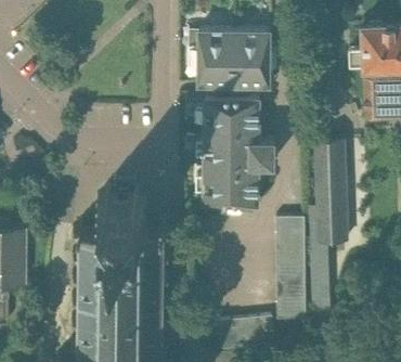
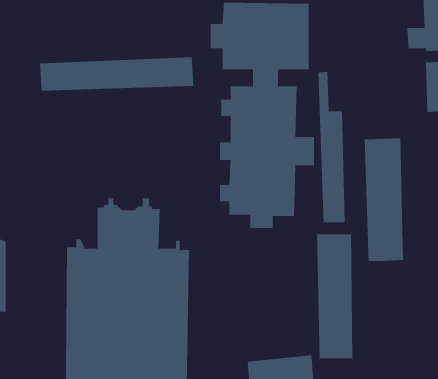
building: none -> [39,57,194,92]
building: [308,210,331,334] -> [318,71,346,223]

